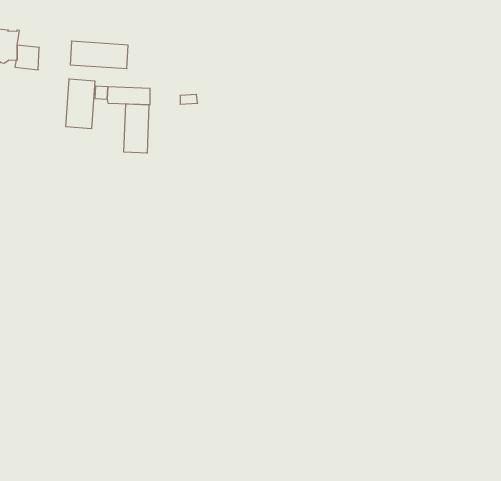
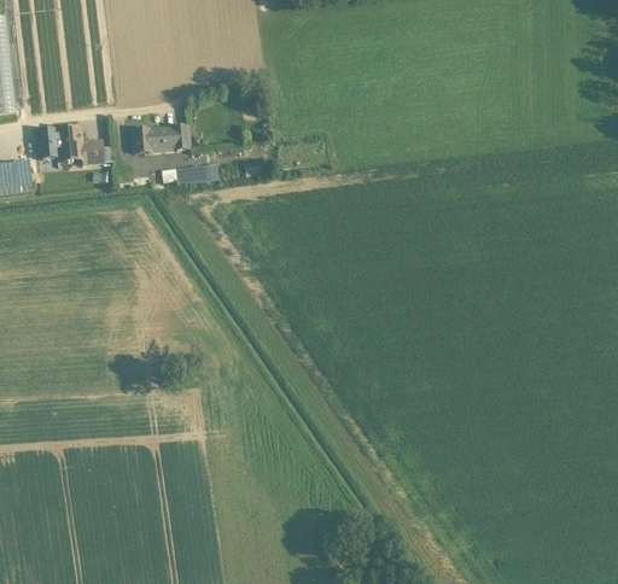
building: [66,79,95,129] -> none
building: [124,104,149,153] -> none

